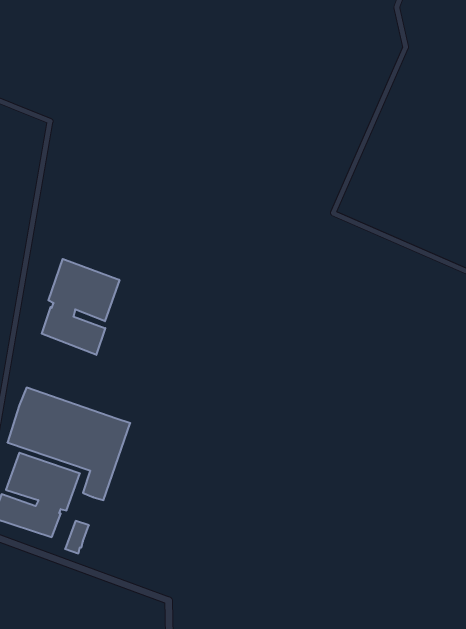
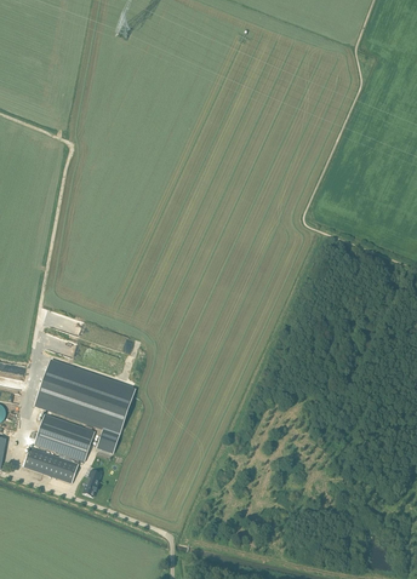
building: [42,259,119,355] -> none

